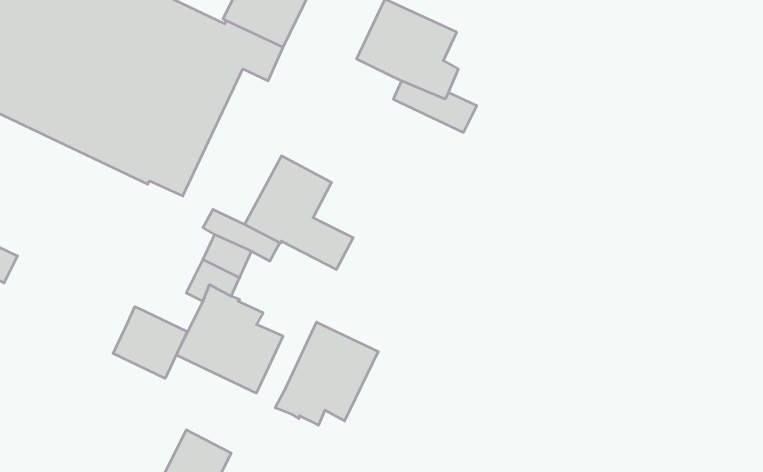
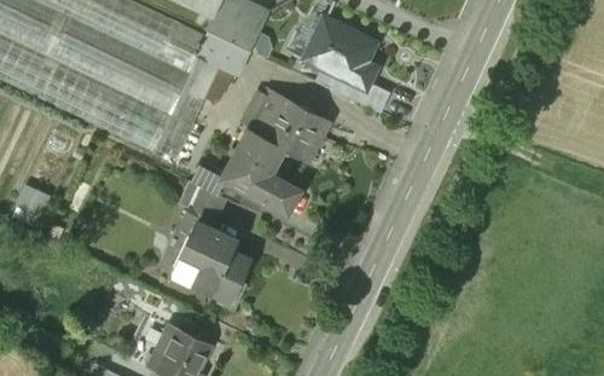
building: none -> [248,88,327,160]
building: [113,307,187,378] -> none
building: [275,322,378,425] -> none

